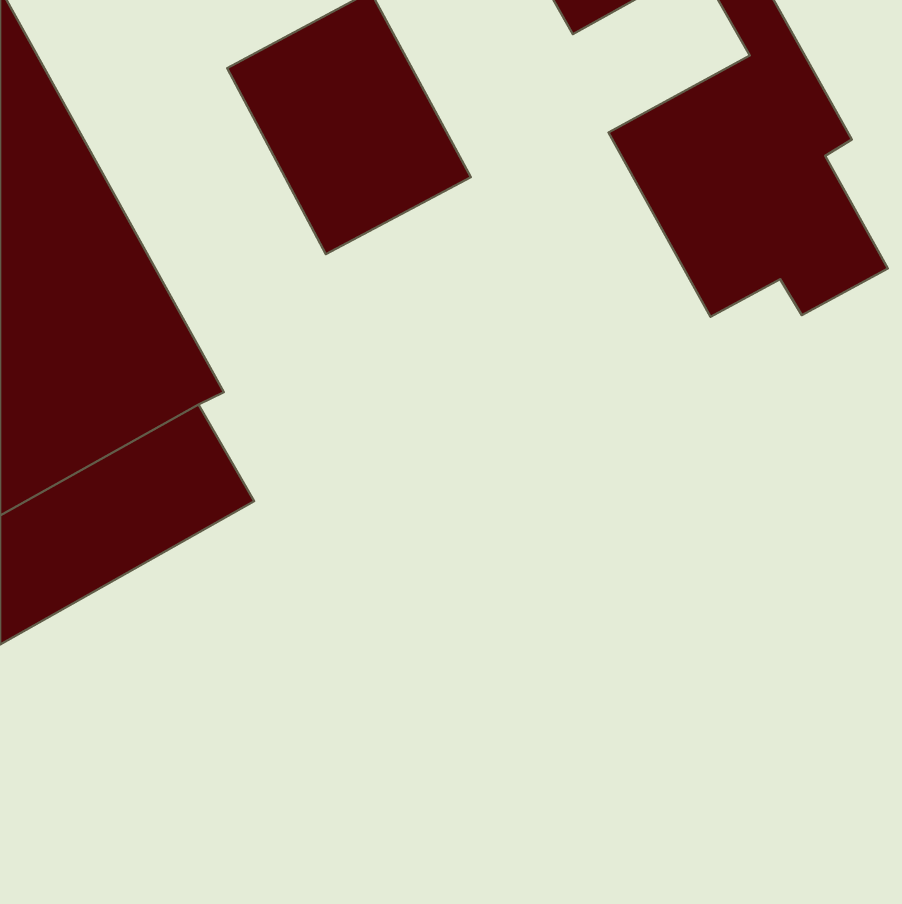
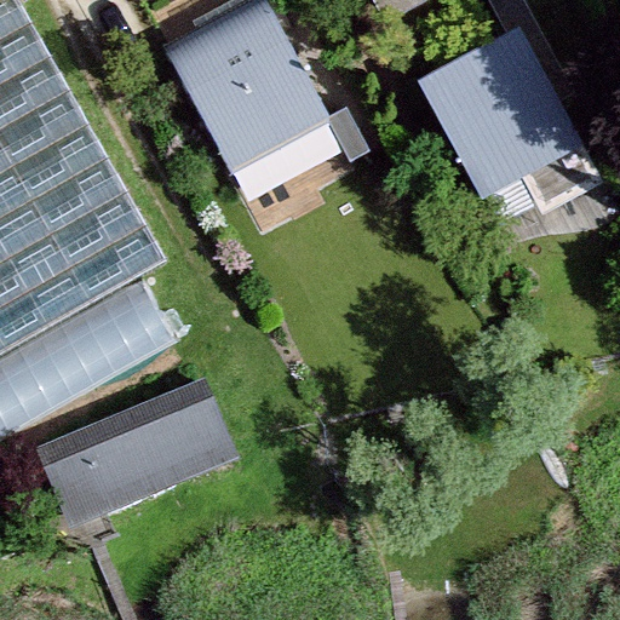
building: none -> [28,377,228,517]

